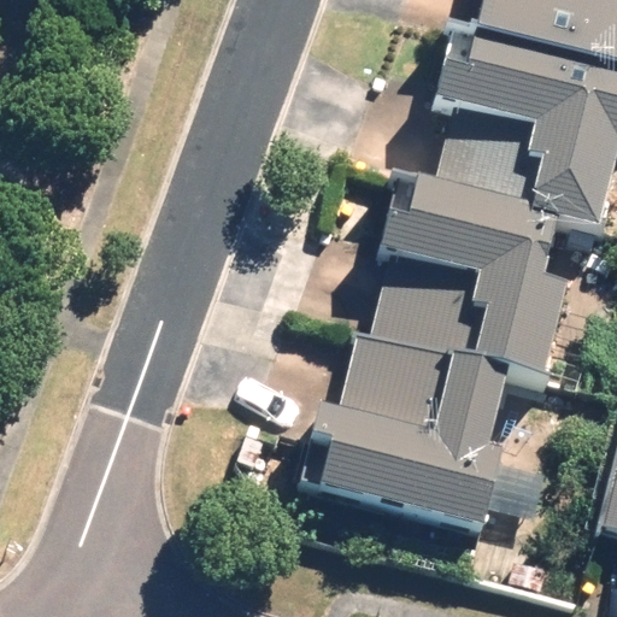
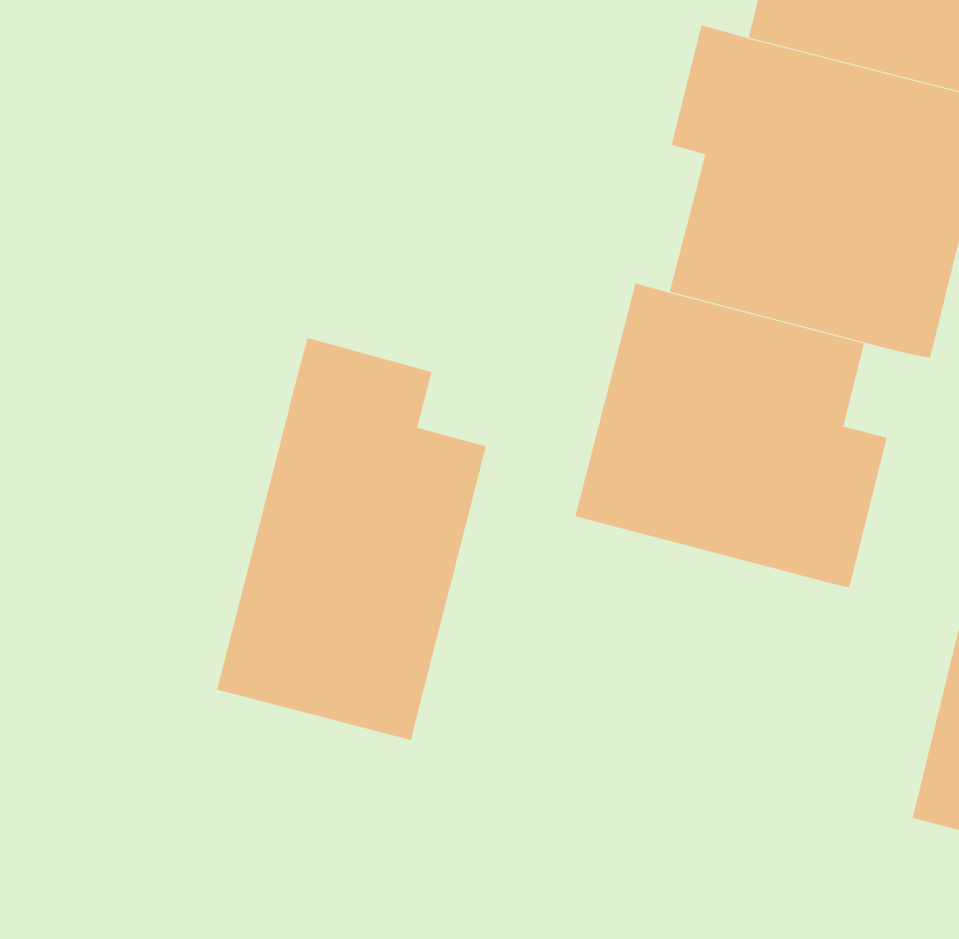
building: none -> [217,337,487,741]
building: [330,330,509,528] -> none

